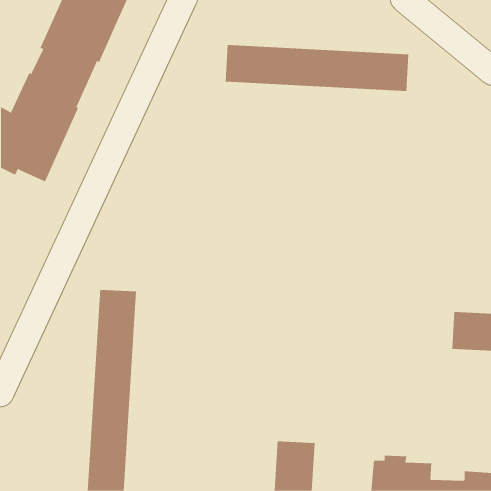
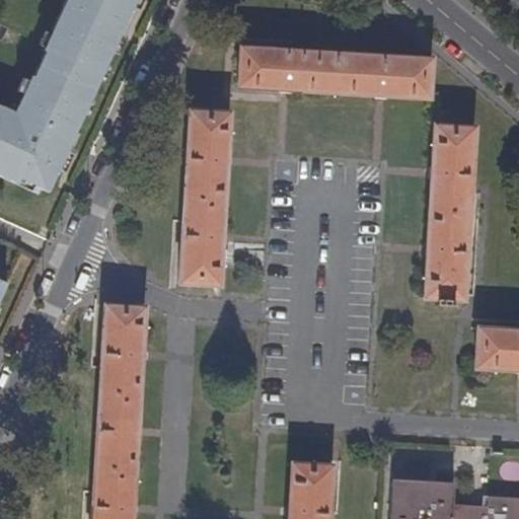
building: none -> [180,112,230,286]
building: none -> [426,125,475,304]

